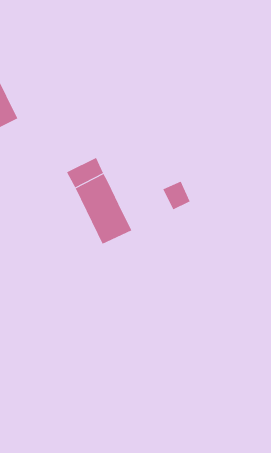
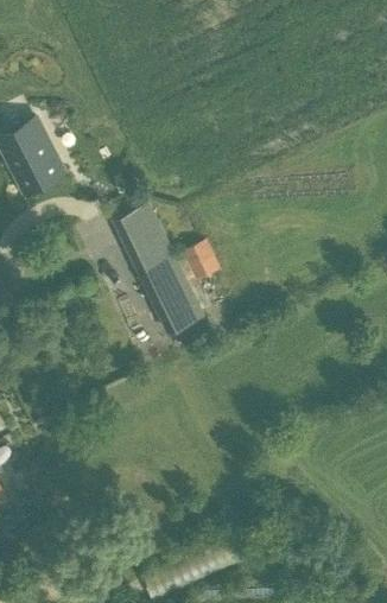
building: none -> [112,202,160,243]
building: [162,181,191,210] -> [183,242,218,279]

